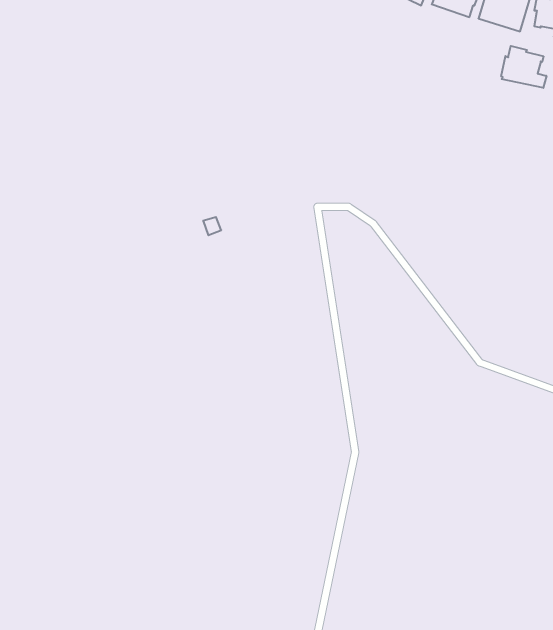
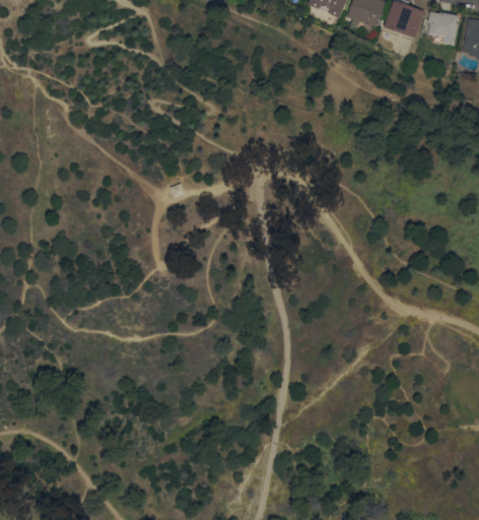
building: [501,46,546,88] -> none

